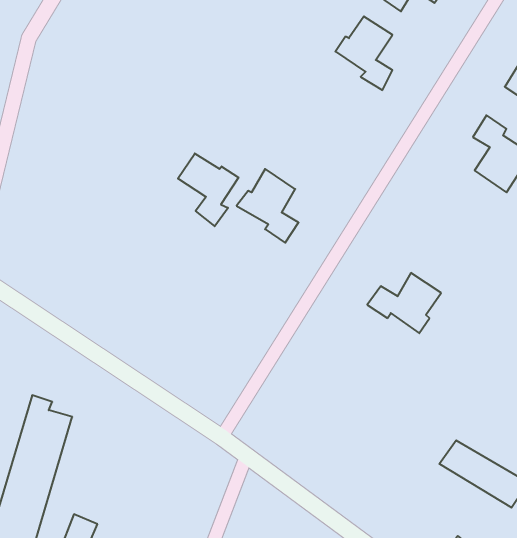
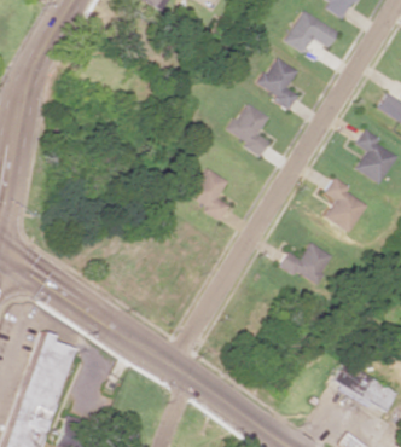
building: none -> [227,104,271,158]
building: [178,153,238,226] -> none
building: none -> [326,178,368,233]

